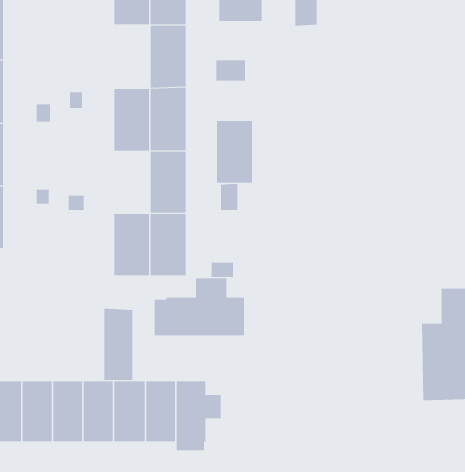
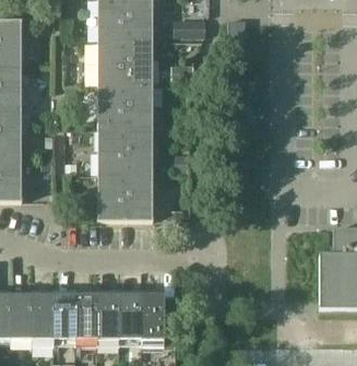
building: none -> [98,38,124,84]
building: [216,121,253,183] -> [98,129,124,174]
building: [154,277,245,336] -> none
building: [104,308,133,381] -> none

